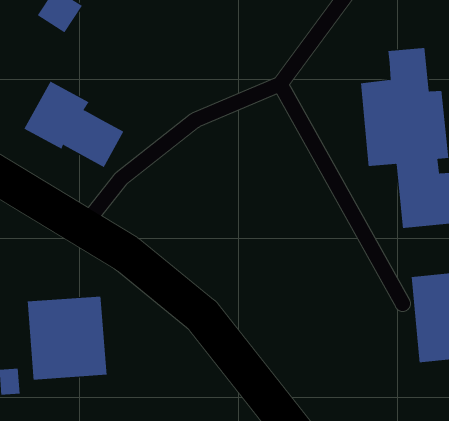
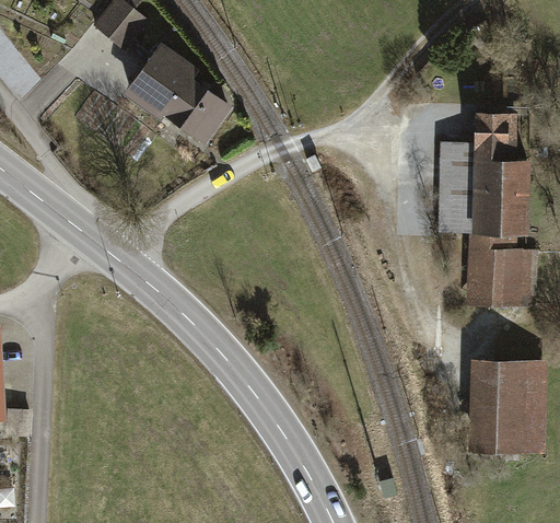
building: [24,81,124,168] -> [122,42,232,143]
building: [27,296,107,380] -> none

